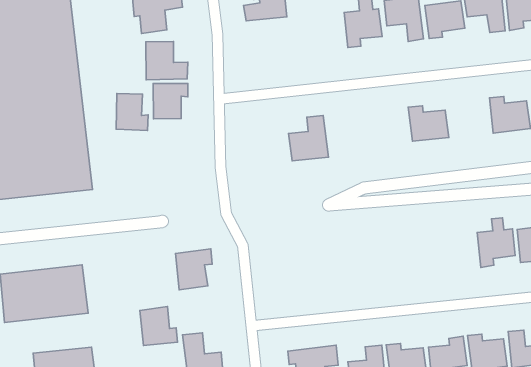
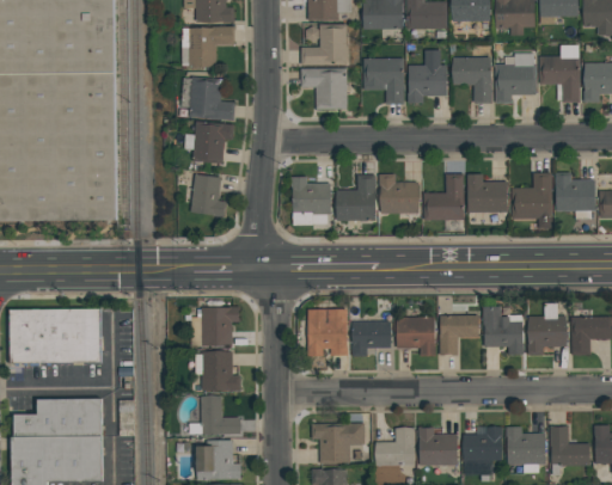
building: none -> [363,59,405,104]
building: none -> [301,68,347,109]
building: [116,94,148,131] -> [190,174,226,217]
building: none -> [512,173,552,229]
building: none -> [424,173,464,220]
building: none -> [379,174,420,214]
building: none -> [292,177,331,226]
building: none -> [484,307,525,355]
building: none -> [440,315,479,356]
building: none -> [397,317,435,356]
building: none -> [308,309,348,356]
building: none -> [353,321,391,357]
building: [140,307,178,346] -> [203,351,240,391]

